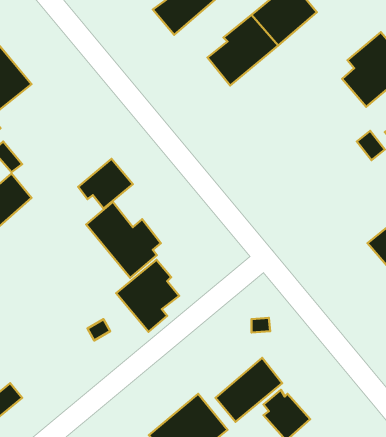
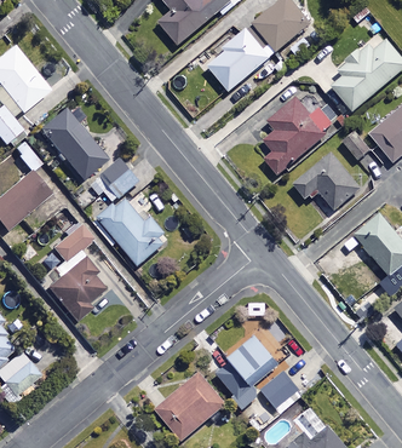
building: none -> [264,90,334,173]
building: none -> [39,107,108,180]
building: none -> [294,153,361,211]
building: none -> [51,224,88,262]
building: [116,260,179,332] -> [47,257,104,322]

